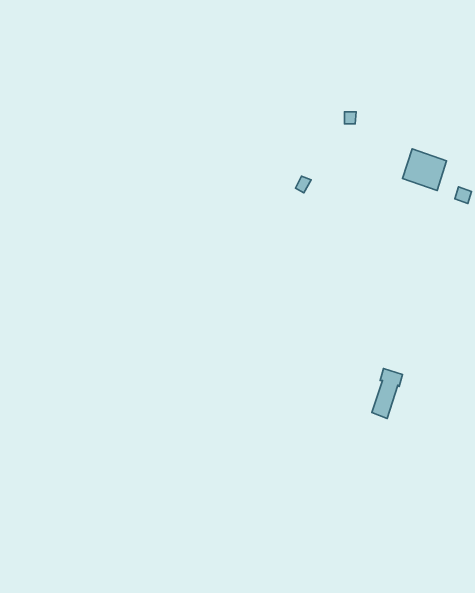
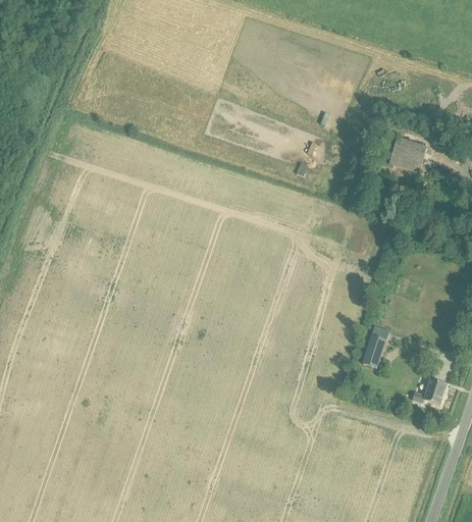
building: none -> [410,377,447,404]

